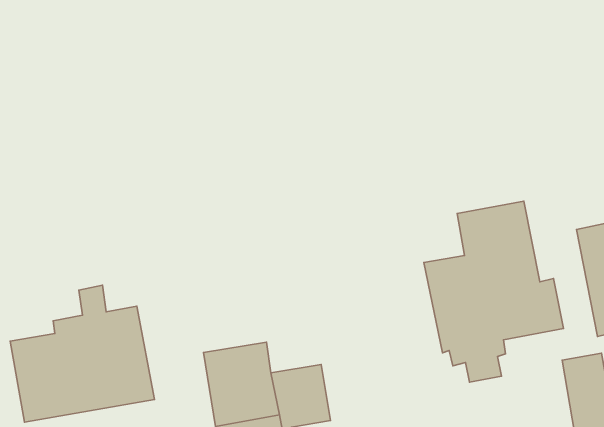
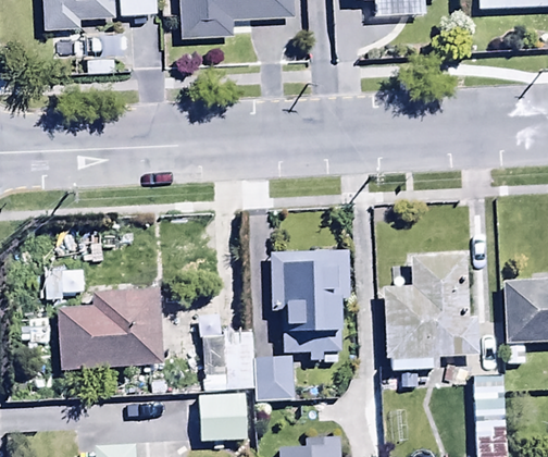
building: none -> [270,250,349,361]

